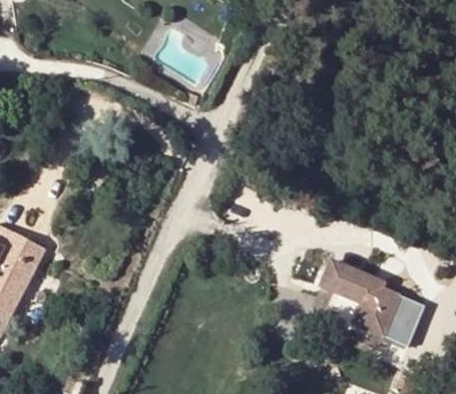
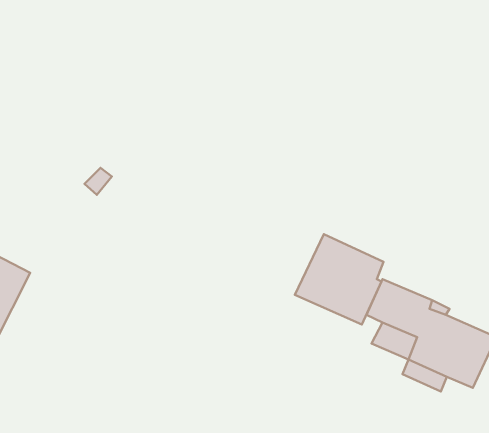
building: none -> [295,234,383,325]

